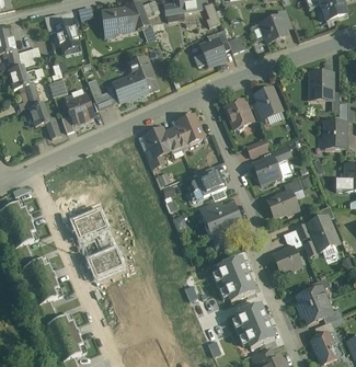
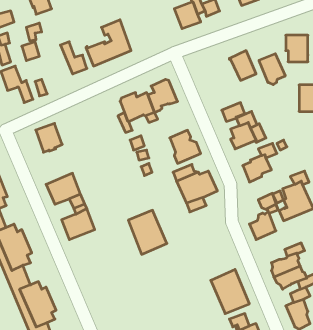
building: [66,94,92,123] -> [36,123,62,152]
building: [225,100,251,130] -> [259,54,285,85]
building: [216,257,254,301] -> [128,210,167,254]

